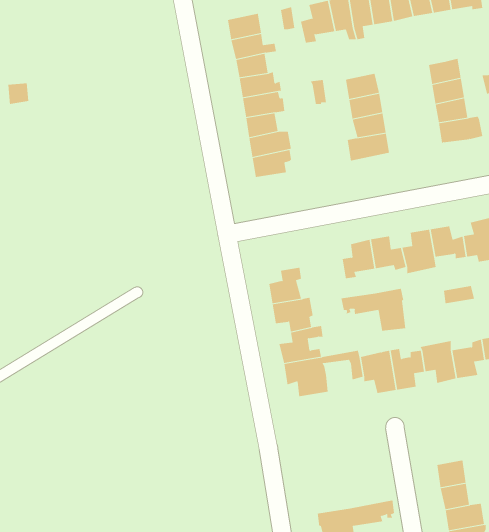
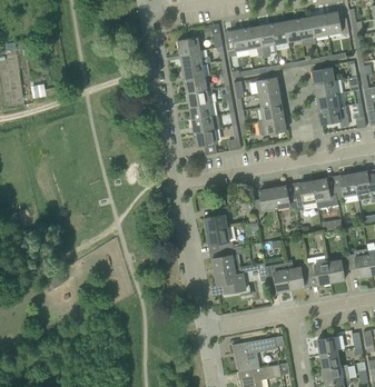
building: [341,288,406,331] -> none
building: none -> [233,336,285,371]

